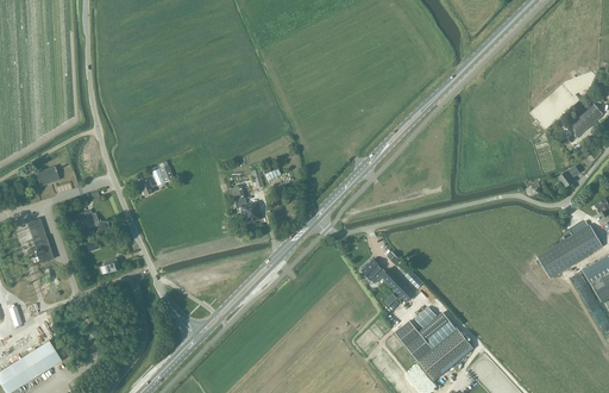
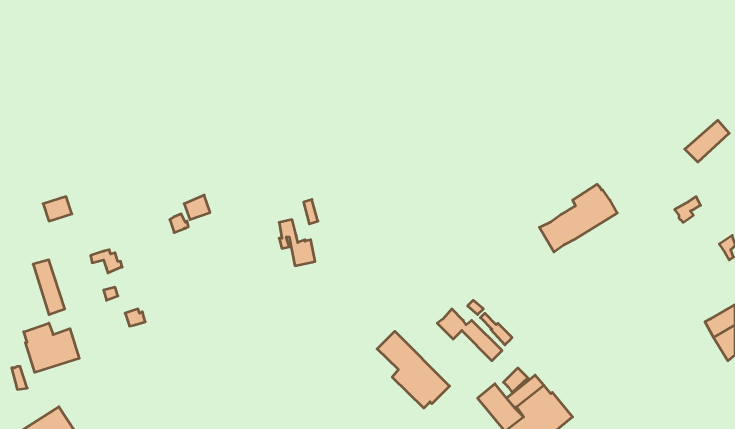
building: [538,220,602,276] -> [539,184,617,252]
building: none -> [24,323,79,372]
building: none -> [377,331,450,408]

